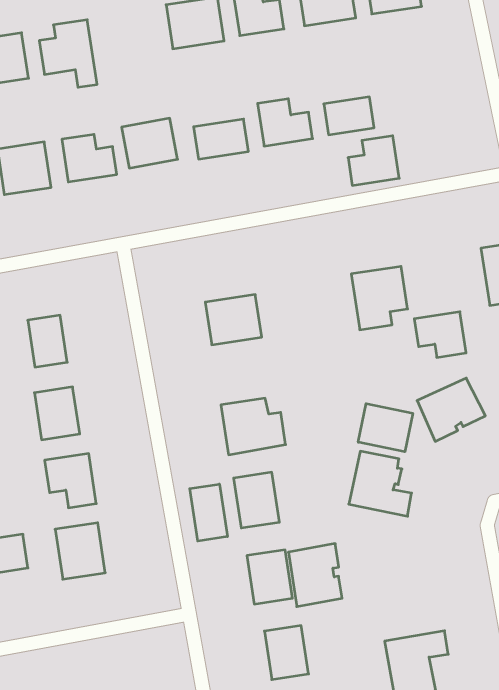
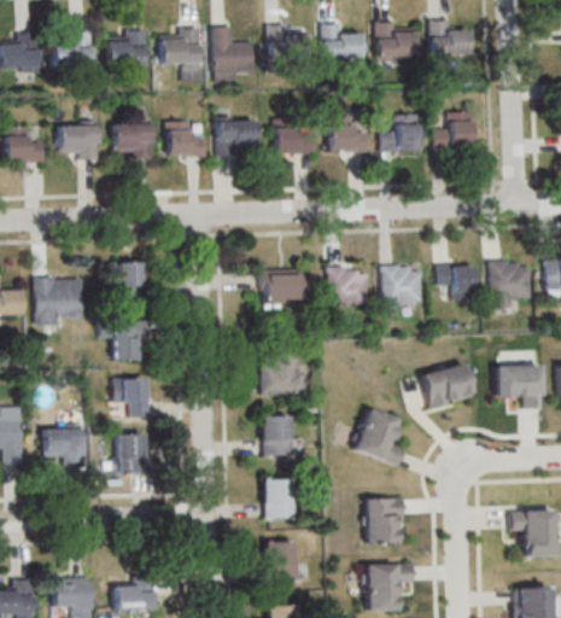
building: none -> [214,27,256,82]
building: [348,136,399,185] -> [434,112,473,147]
building: none -> [328,266,369,304]
building: [414,312,466,357] -> [438,264,475,298]
building: [358,404,413,452] -> none
building: [190,484,227,541] -> none
building: [288,544,342,607] -> [364,497,403,543]

